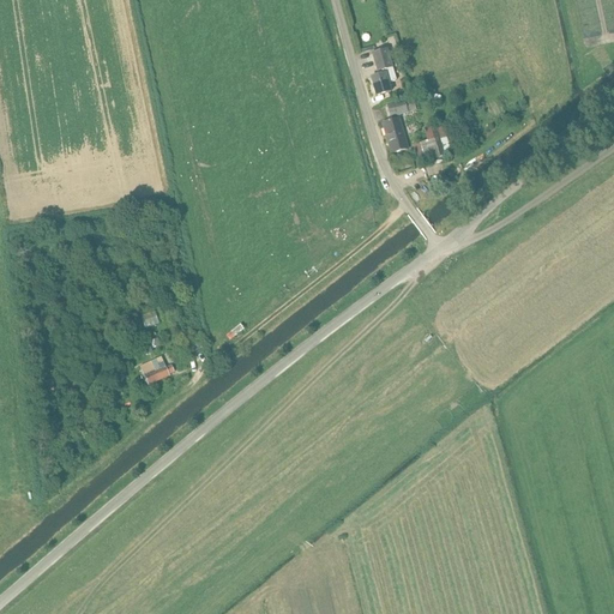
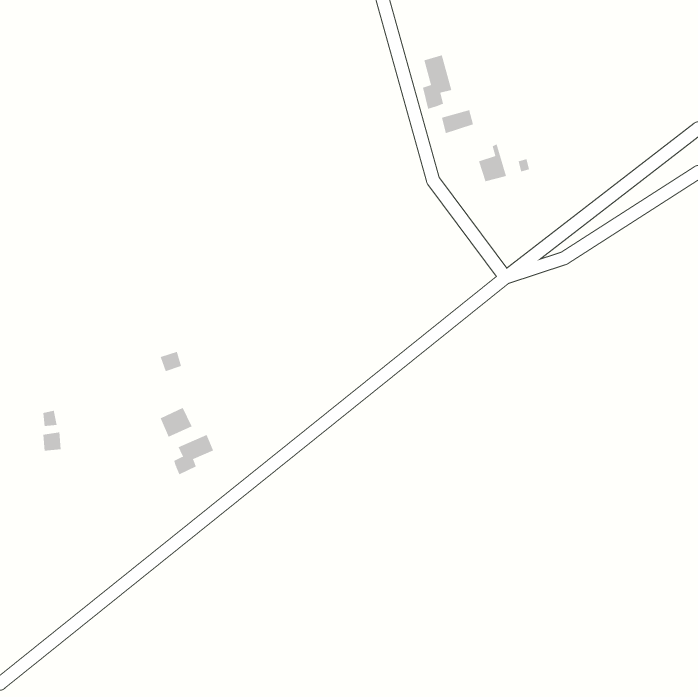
building: [383,118,408,154] -> none
building: none -> [174,434,214,475]

